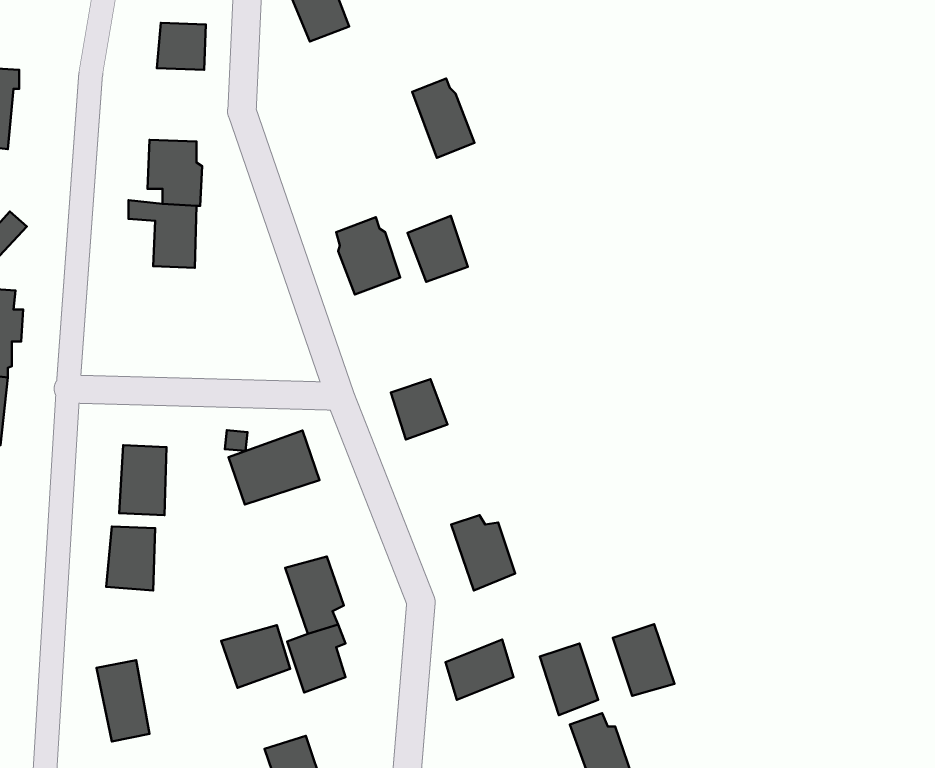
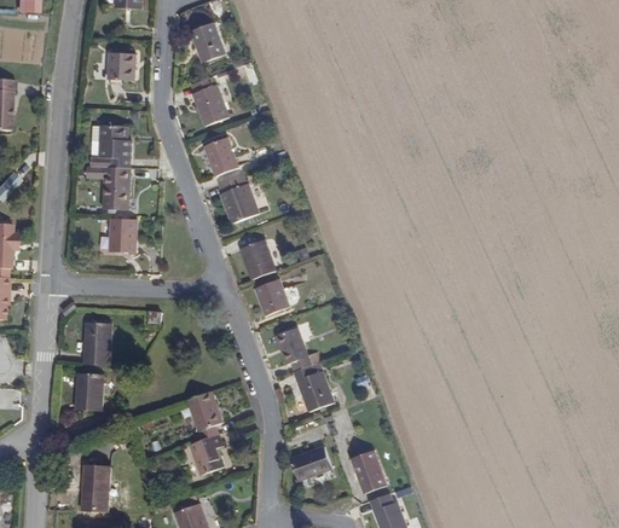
building: [412,79,474,158] -> [191,75,231,126]
building: none -> [206,133,242,175]
building: [407,216,468,282] -> [238,237,277,279]
building: none -> [106,216,135,251]
building: [228,431,319,505] -> none
building: none -> [273,326,311,371]
building: [613,624,675,696] -> none
building: [221,625,290,688] -> none

